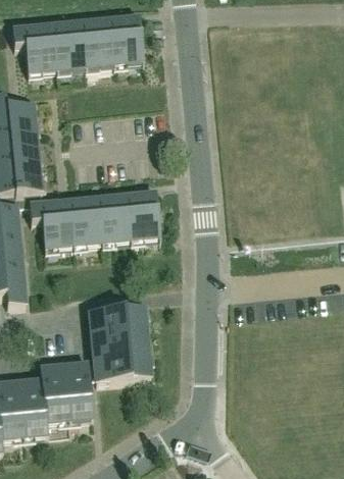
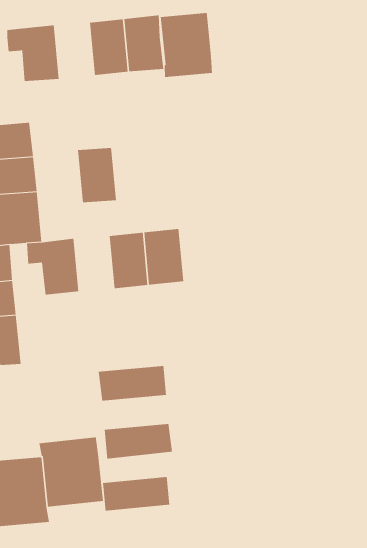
building: none -> [160,12,212,78]
building: [52,21,85,68] -> none
building: [68,198,101,244] -> [77,147,117,203]
building: [91,329,147,358] -> [102,477,170,511]

